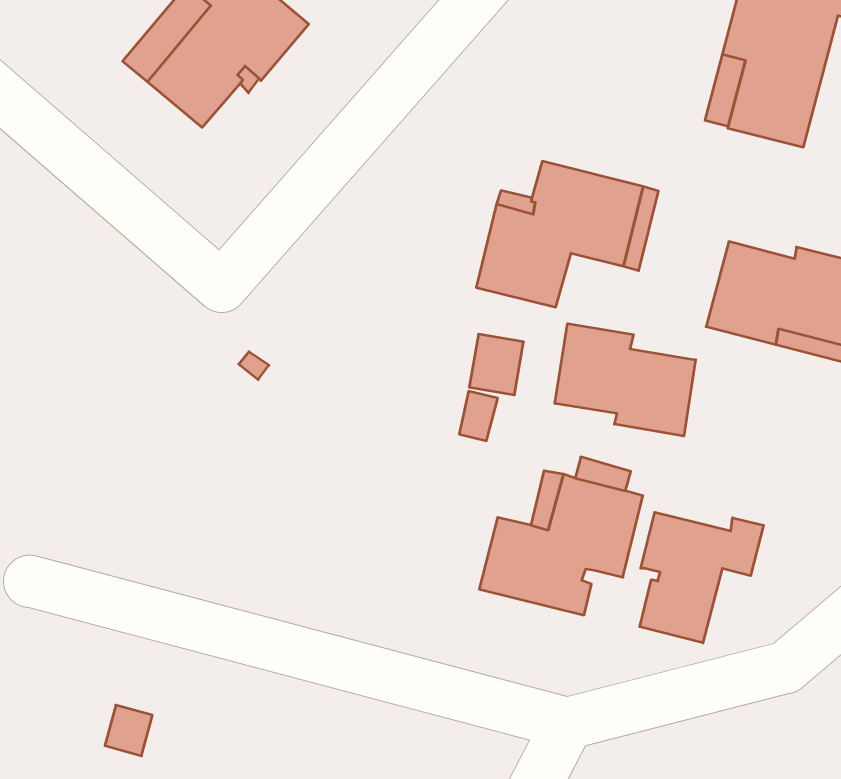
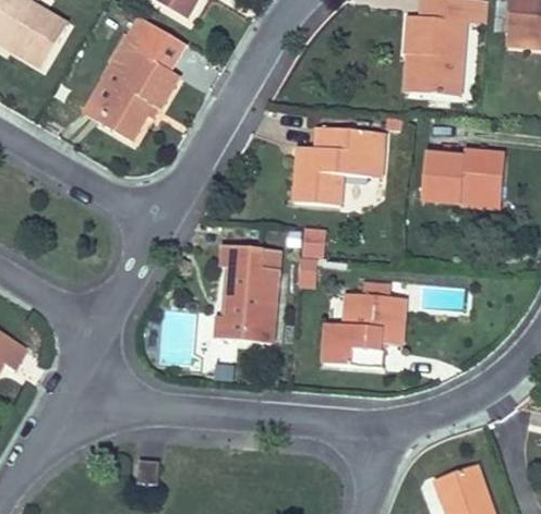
building: [555,324,696,436] -> none
building: none -> [216,245,279,342]
building: [640,512,764,643] -> none

